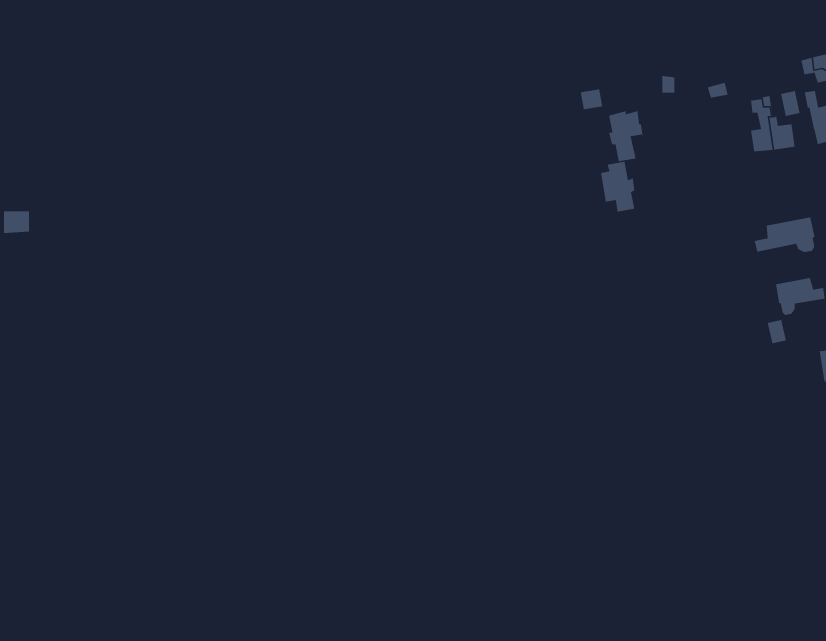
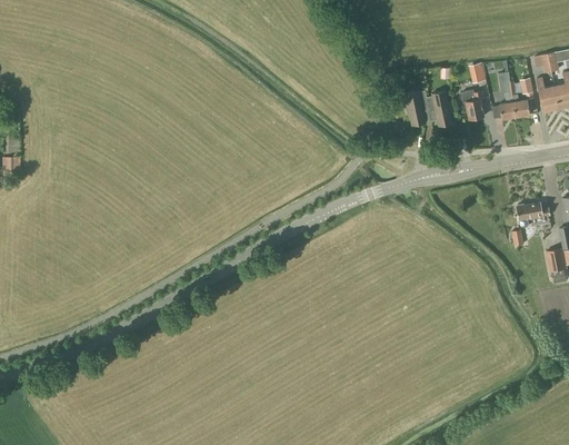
building: none -> [461,90,483,119]
building: [600,161,635,213] -> [427,91,450,126]
building: [754,216,816,253] -> none

